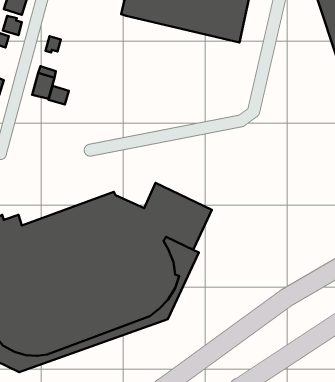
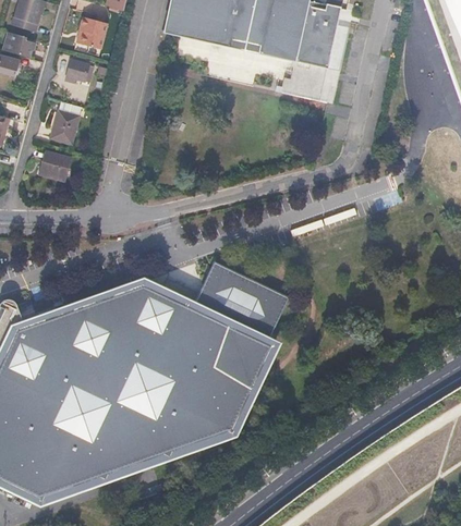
building: none -> [78,17,107,50]
building: [48,86,69,105] -> [40,154,68,179]

